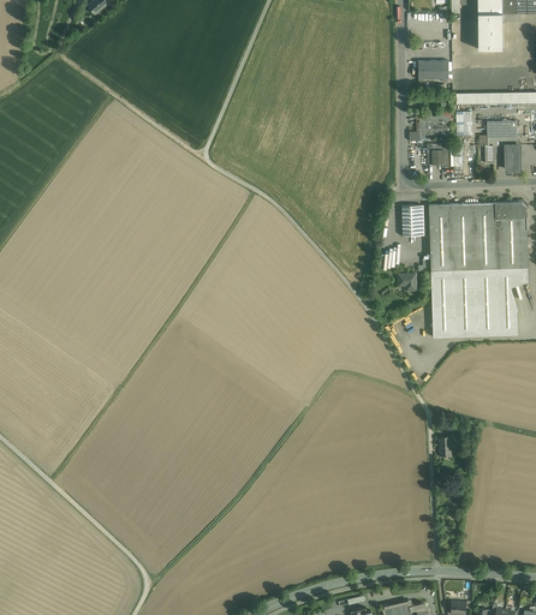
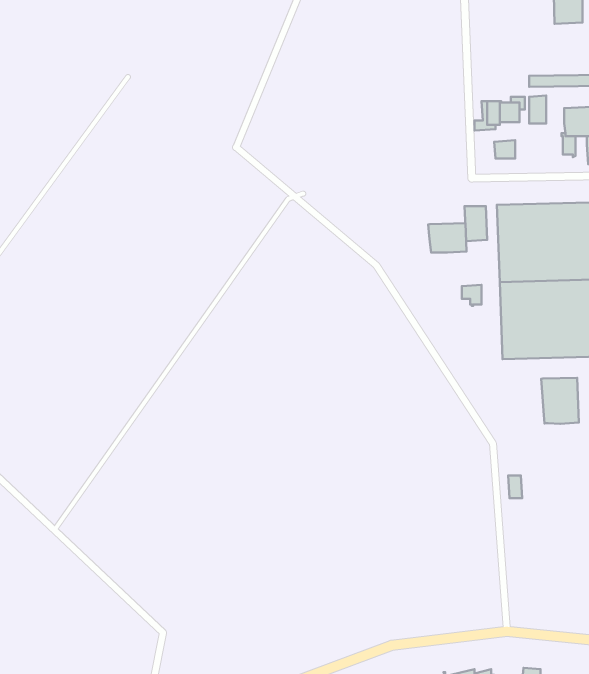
building: [418,60,448,79] -> none
building: none -> [428,223,466,253]
building: none -> [541,378,579,424]

